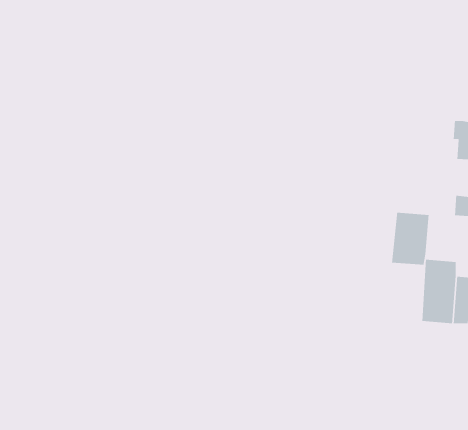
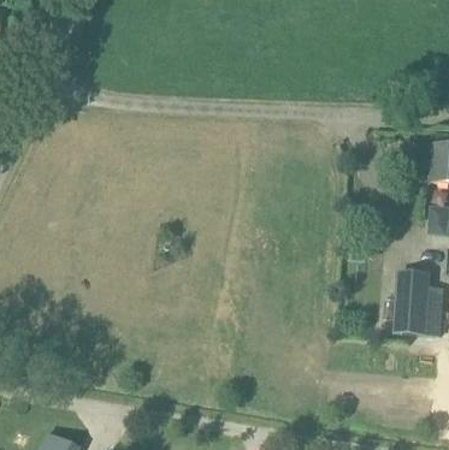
building: [391,212,429,266] -> none

